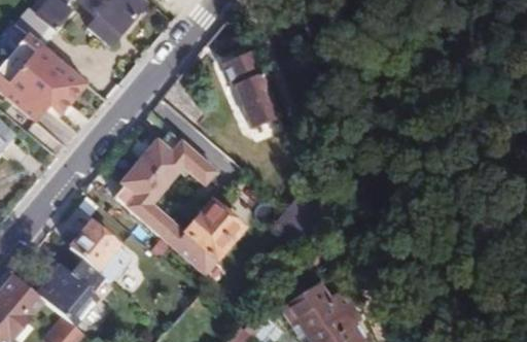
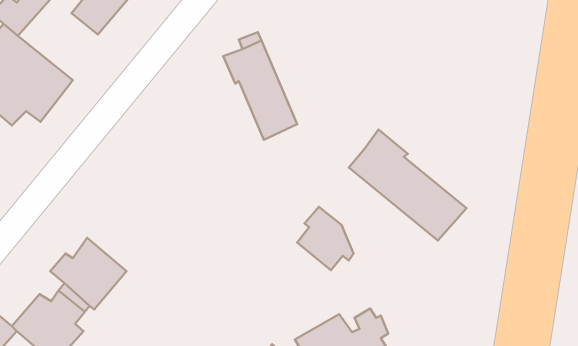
building: none -> [349,129,466,241]
building: [116,131,246,273] -> none

